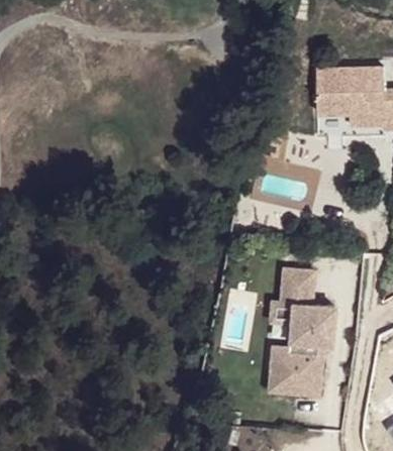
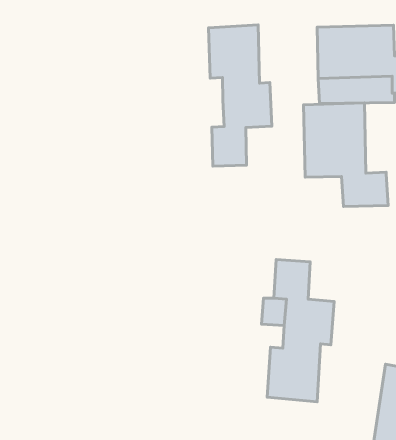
building: none -> [208,25,272,166]
building: none -> [304,103,388,207]

